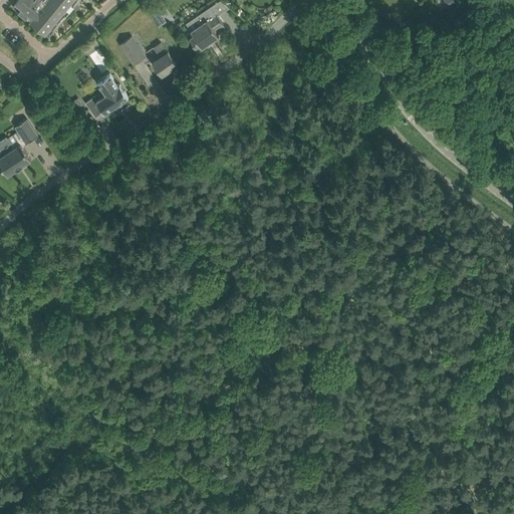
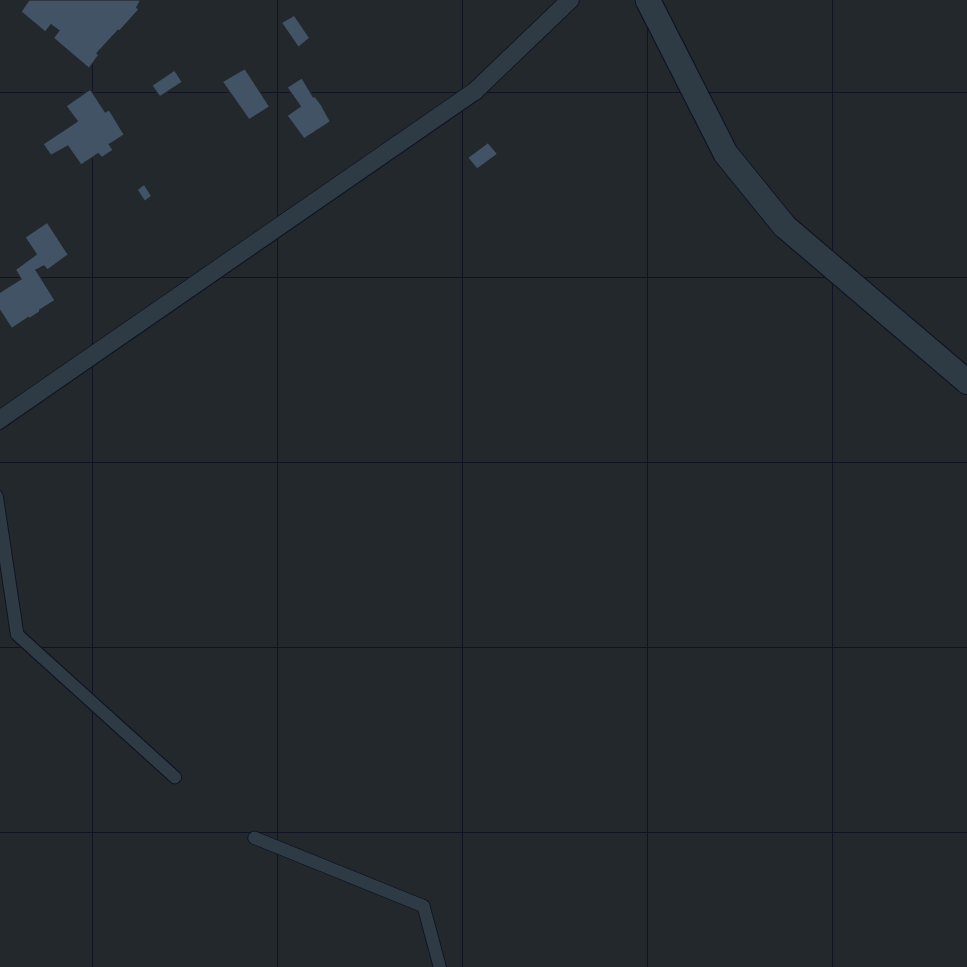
building: [188,11,224,51] -> none
building: [83,74,126,114] -> [43,89,125,165]

